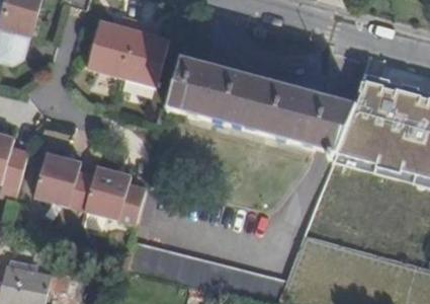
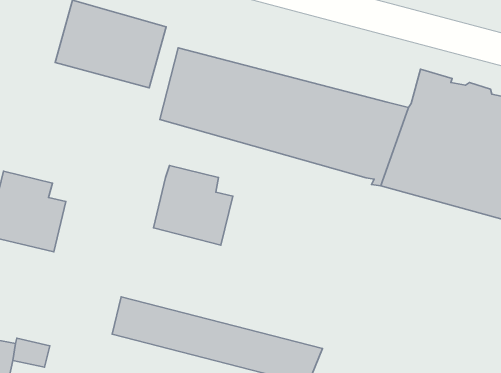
building: [82,160,143,221] -> [153,166,233,245]

